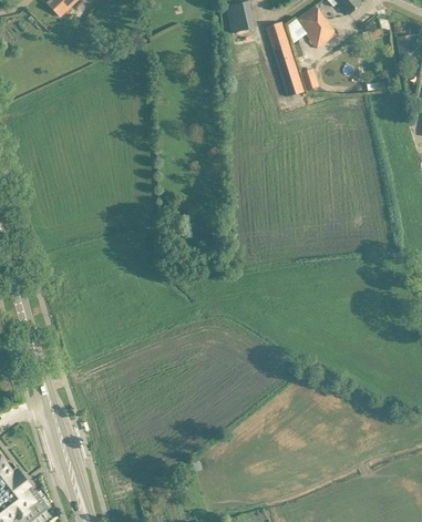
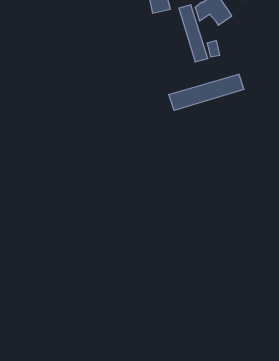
building: none -> [169,74,244,110]

